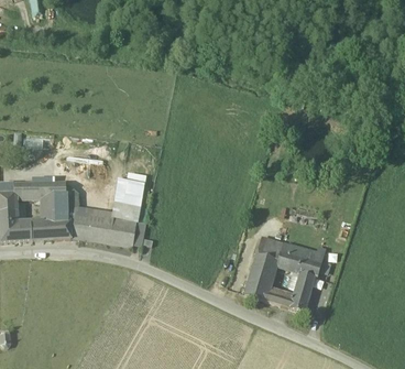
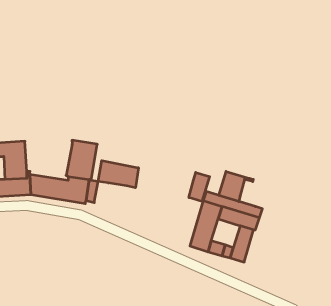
building: none -> [98,161,138,188]
building: none -> [219,171,253,202]
building: none -> [189,172,210,201]

